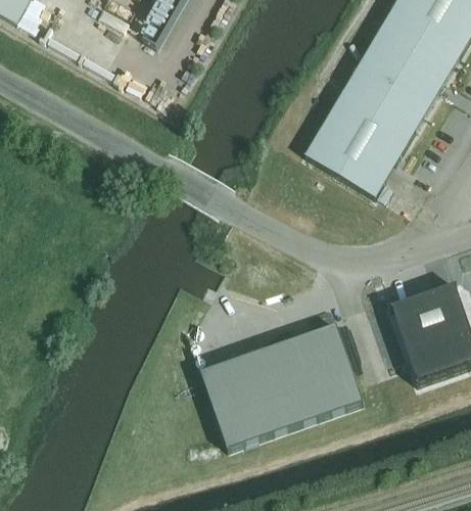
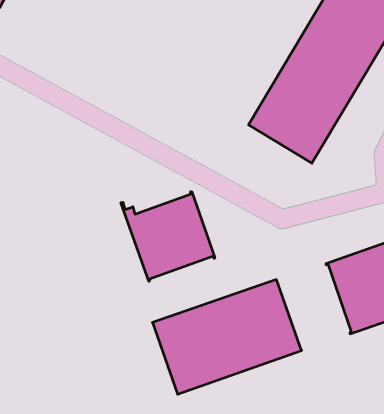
building: none -> [121,192,215,281]

